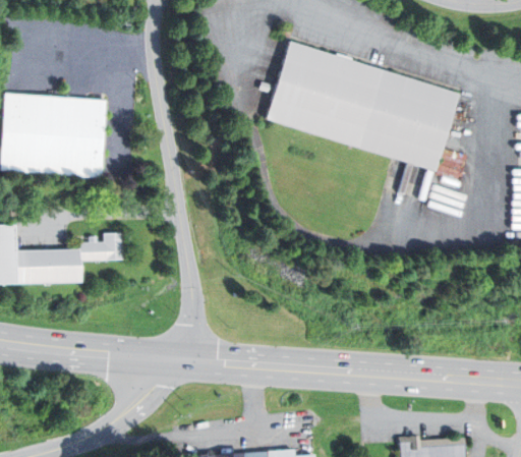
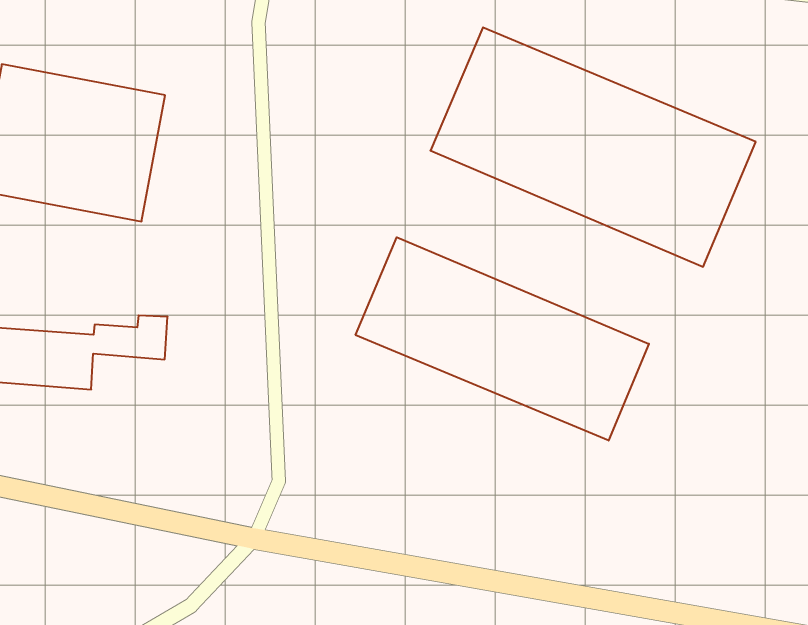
building: none -> [356,237,649,441]

